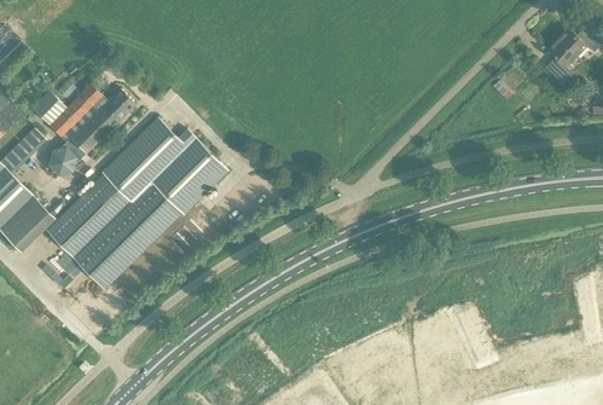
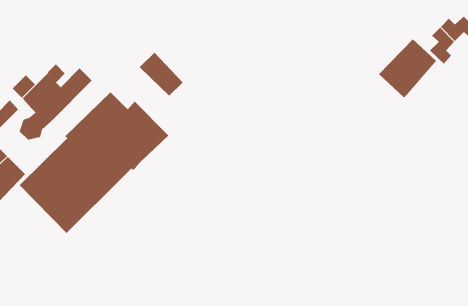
building: none -> [378,39,437,98]
building: none -> [139,52,184,96]

